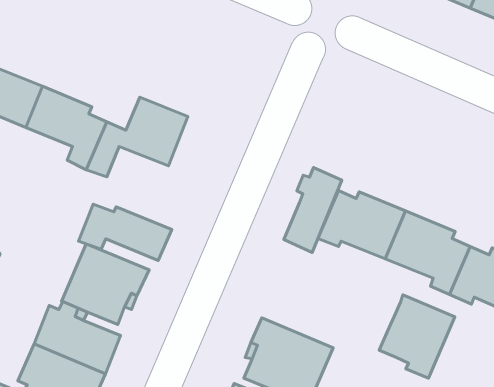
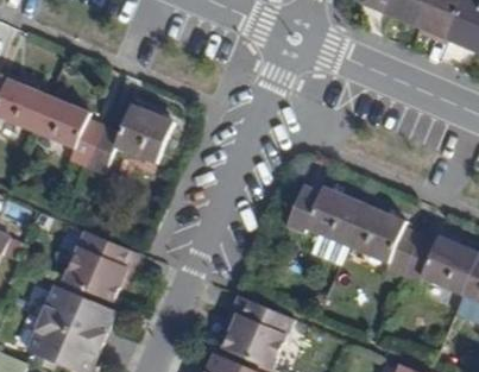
building: [284,168,342,252] -> none
building: [78,204,172,260] -> none
building: [379,295,455,378] -> none

